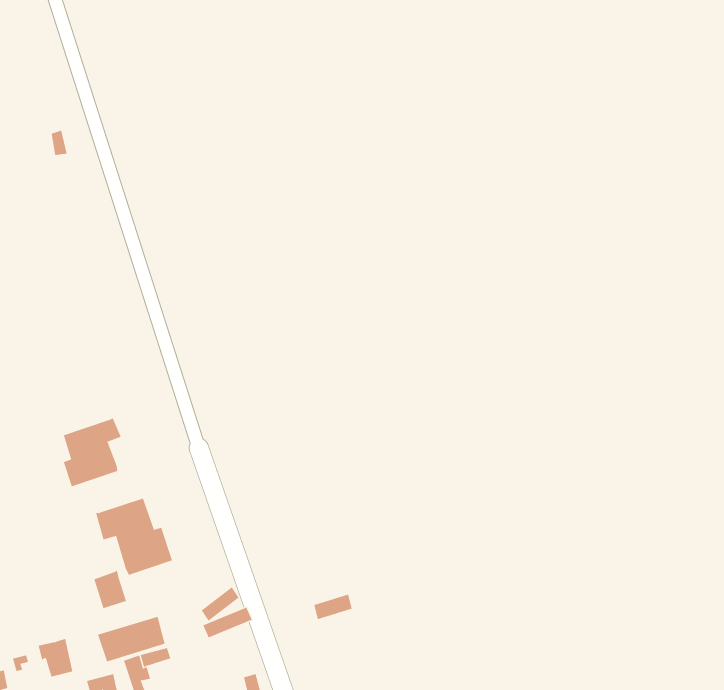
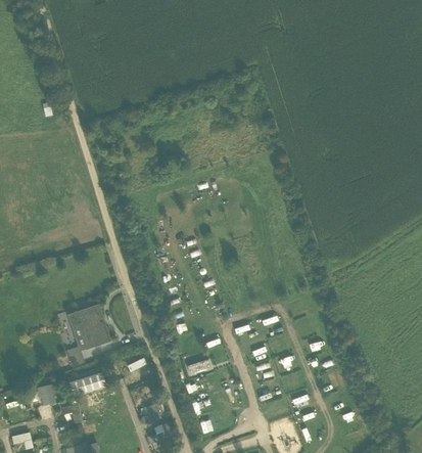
building: [63,417,121,487] -> none

